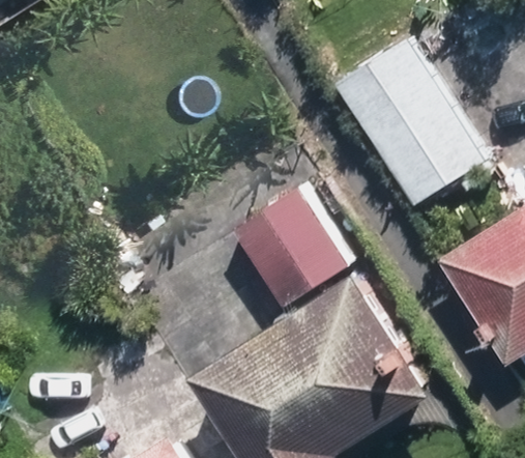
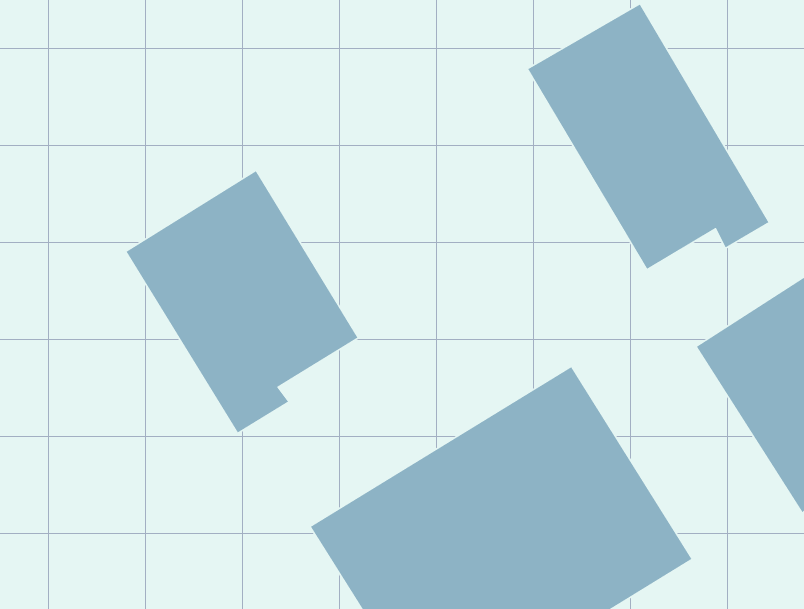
building: none -> [126,170,358,433]
building: [232,185,349,307] -> none

